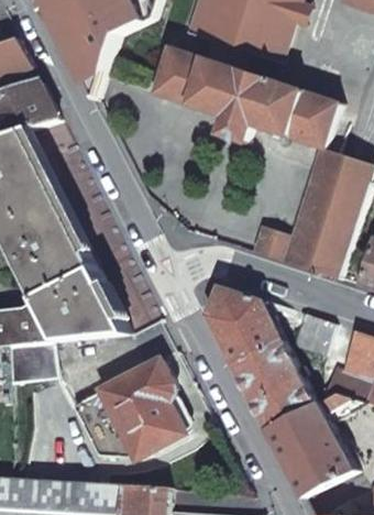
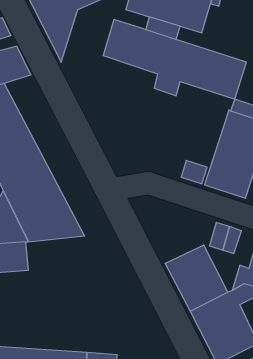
building: [206,286,283,366] -> none
building: [68,359,183,458] -> none

